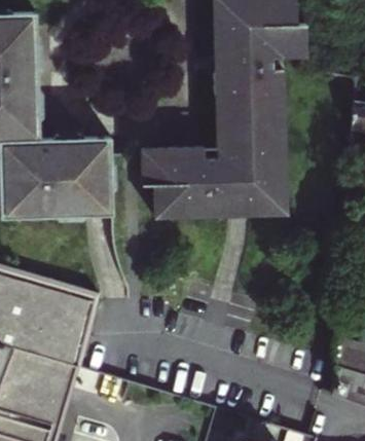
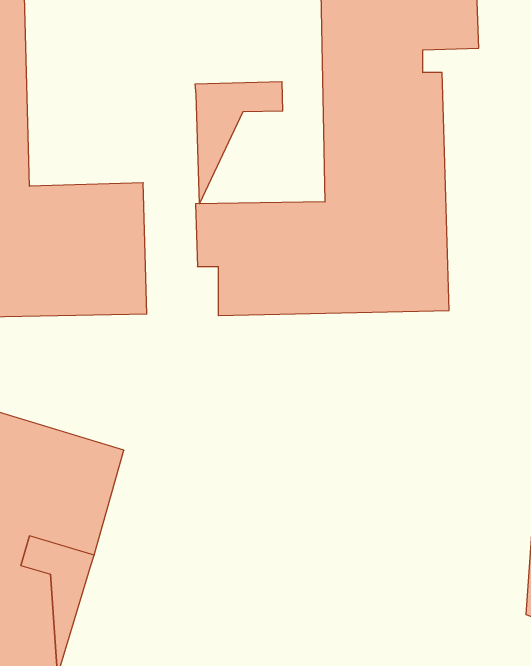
building: none -> [195,82,283,204]

